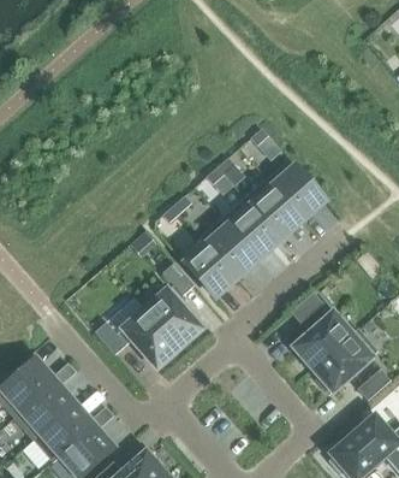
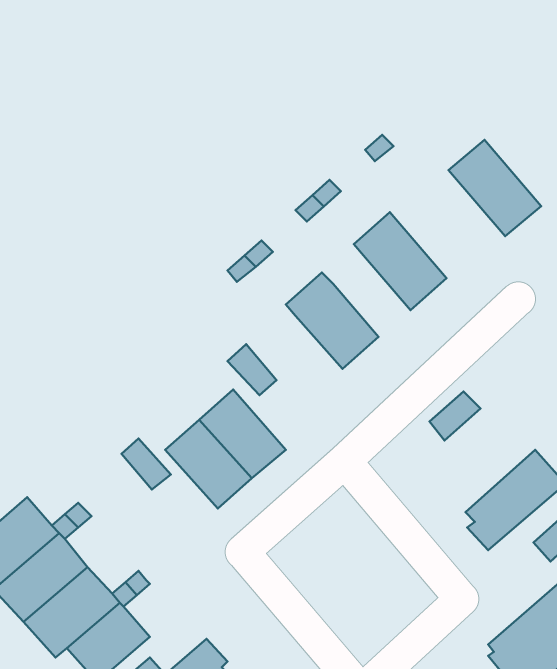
building: [267,159,326,220] -> [449,140,541,236]
building: [231,206,280,258] -> none
building: [185,244,237,297] -> none
building: [296,313,353,370] -> none

